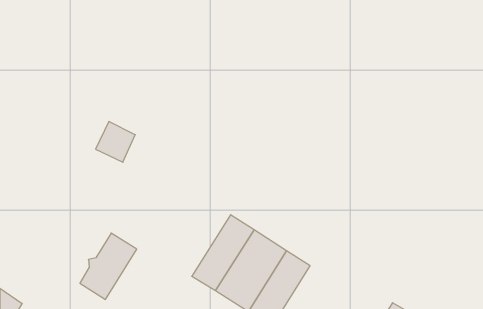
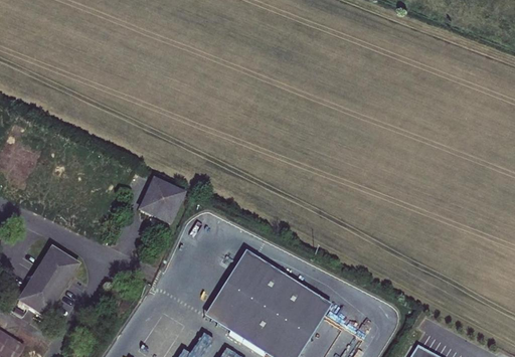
building: [96,122,135,162] -> [140,178,182,221]
building: [80,233,137,299] -> [18,245,78,316]

